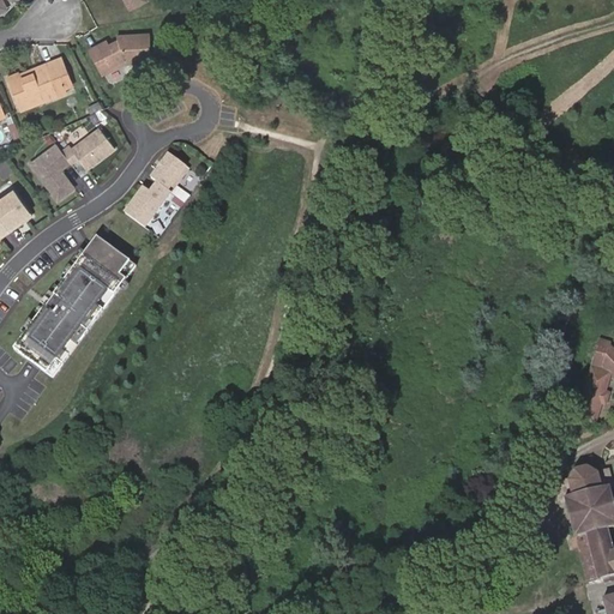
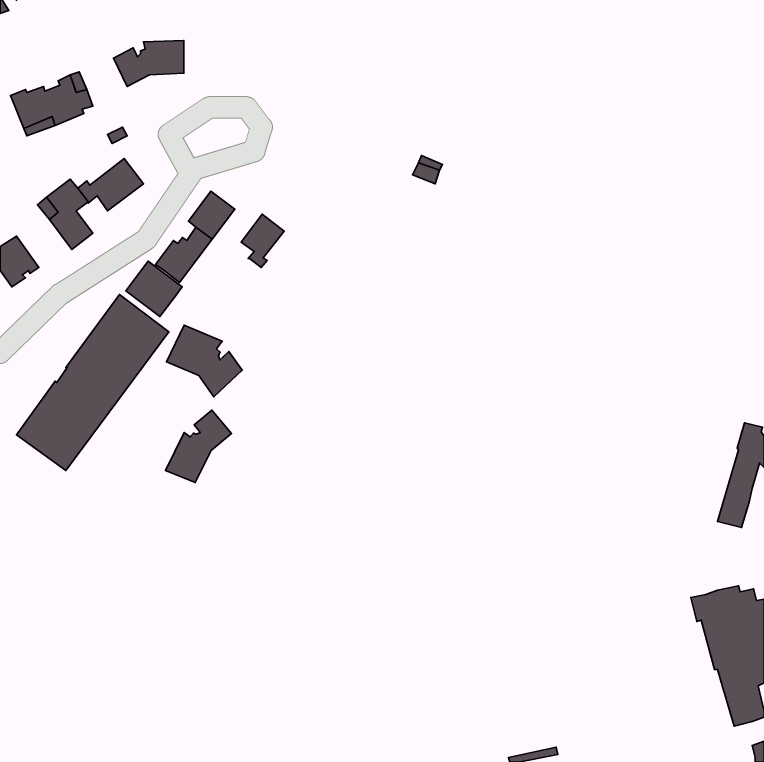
building: none -> [241,214,284,267]
building: none -> [126,261,182,317]
building: none -> [166,325,242,397]
building: none -> [166,410,231,482]

